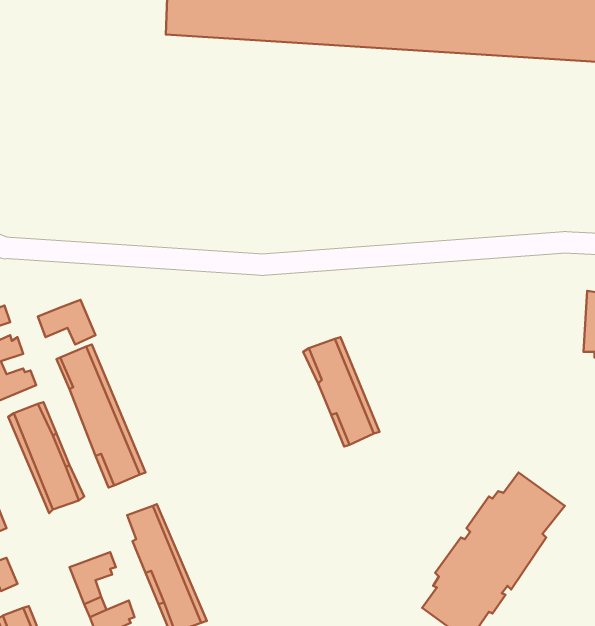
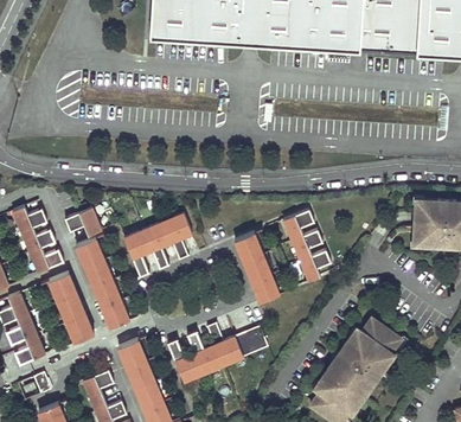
building: none -> [281,209,327,281]
building: none -> [122,213,190,273]
building: none -> [167,326,267,382]

